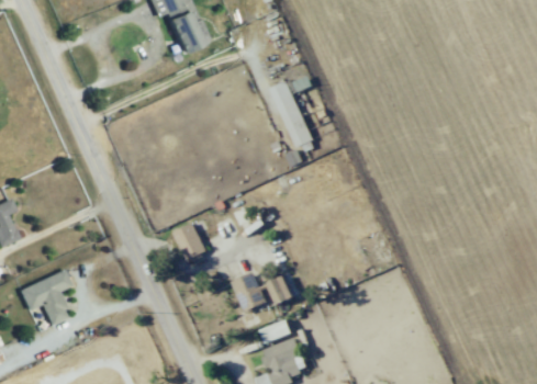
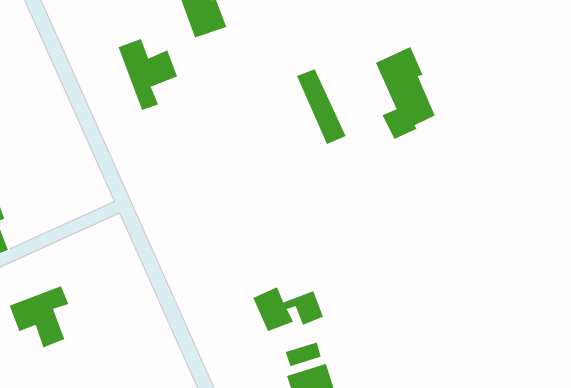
building: none -> [118,38,178,111]
building: none -> [375,46,436,140]
building: [175,223,205,259] -> none

